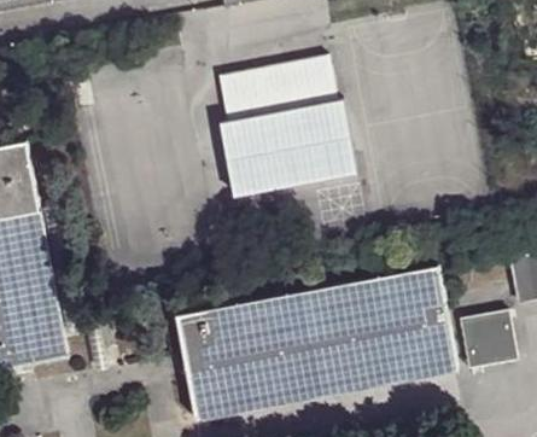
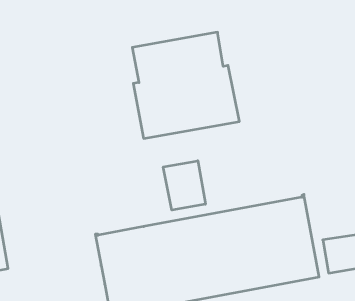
building: none -> [163,161,205,210]

